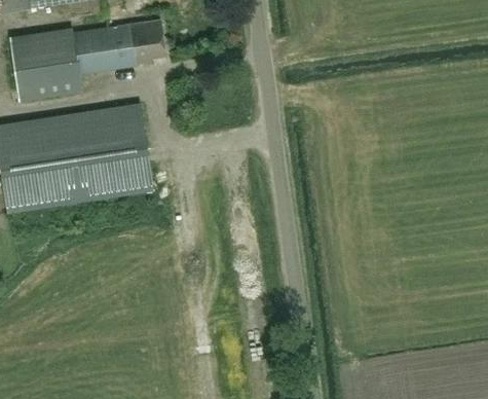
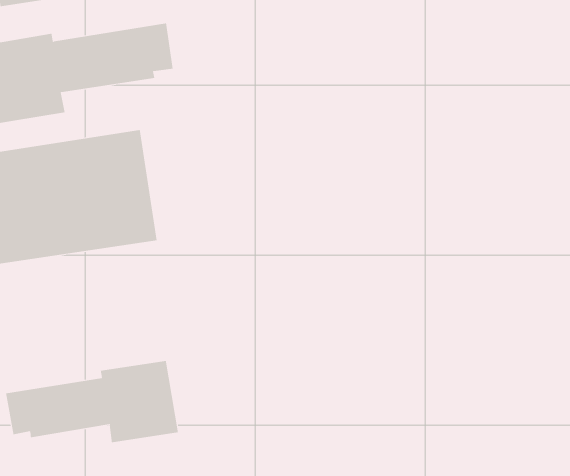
building: none -> [6,360,179,443]

